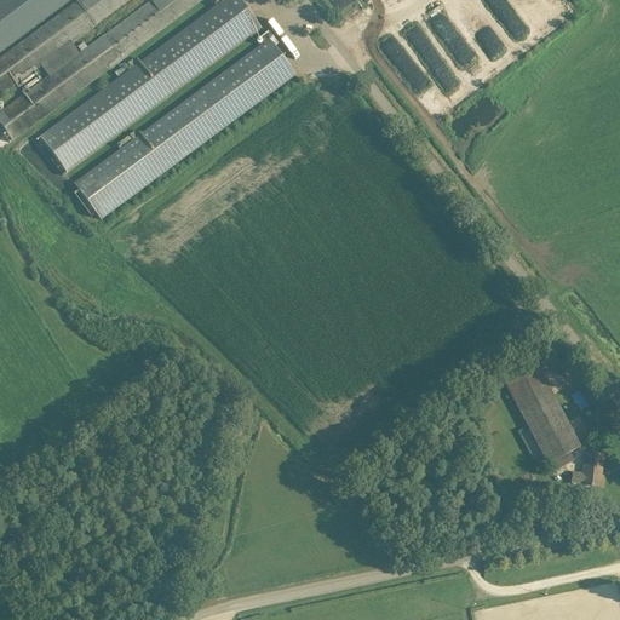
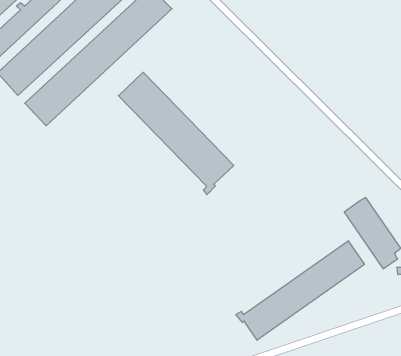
building: none -> [118,72,234,195]
building: none -> [236,241,364,340]

